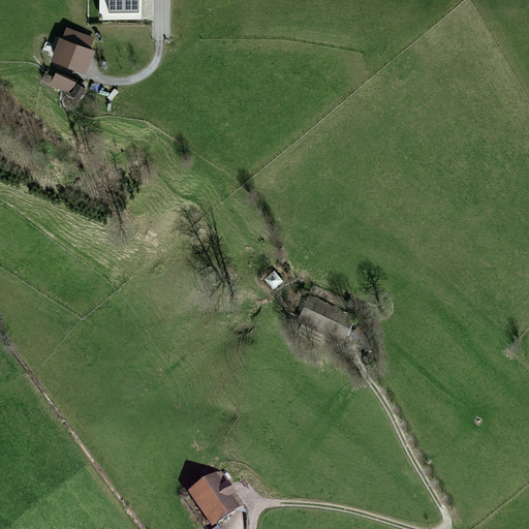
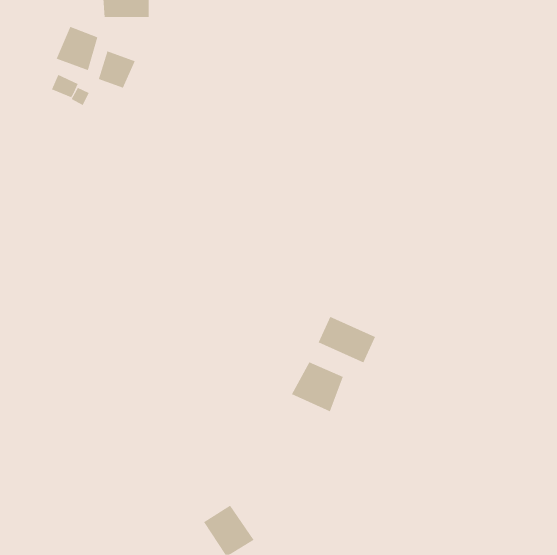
building: none -> [98,50,136,88]
building: none -> [291,362,344,412]

